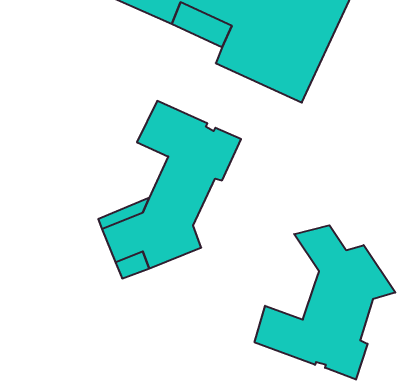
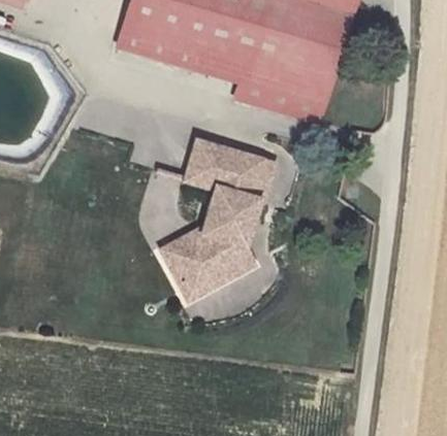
building: [255,225,395,380] -> none

